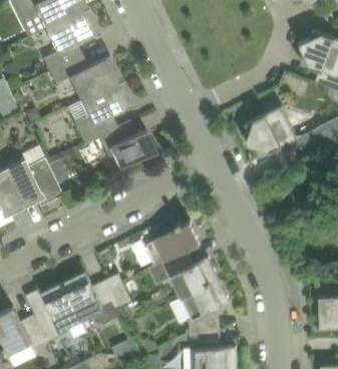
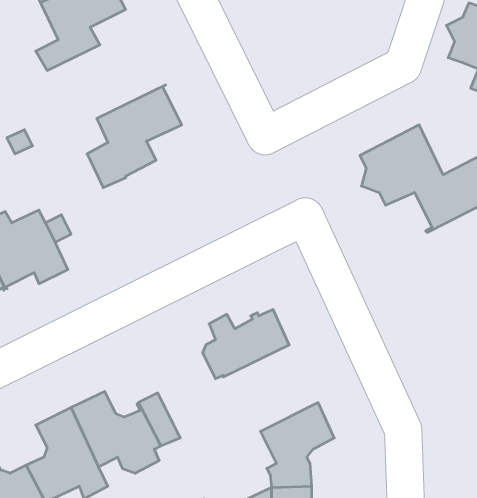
building: [50,55,124,101] -> none
building: [99,120,156,168] -> none
building: [149,251,220,297] -> none

